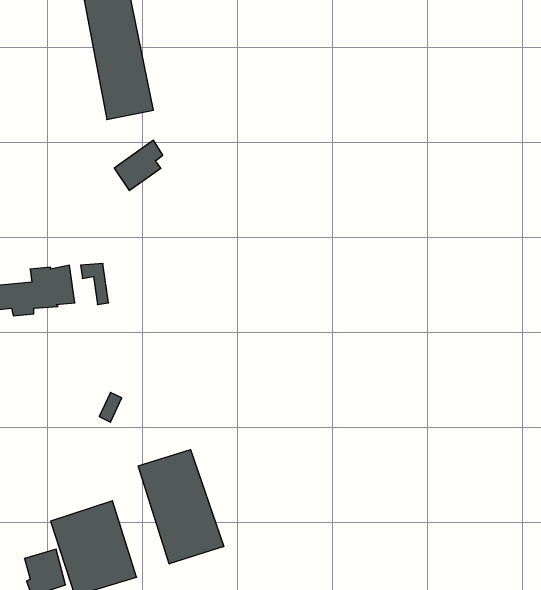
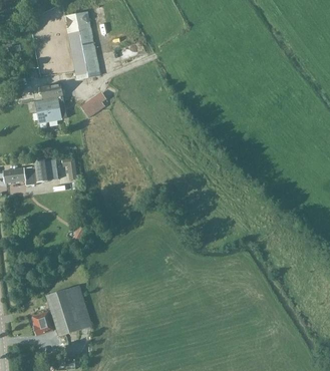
building: none -> [34,83,65,122]
building: [138,450,224,564] -> none

